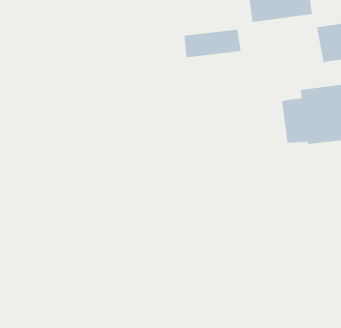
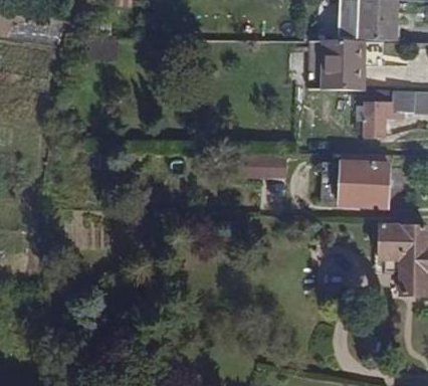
building: [183,29,241,58] -> [234,158,284,180]

